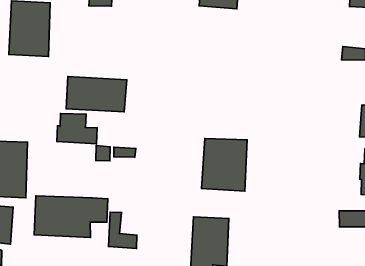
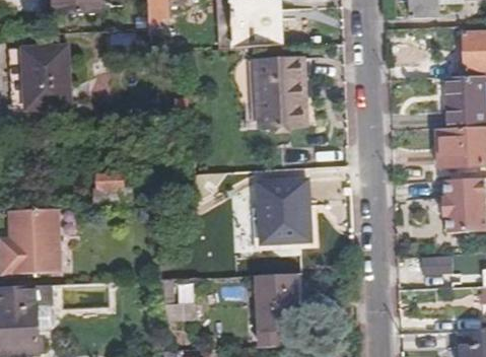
building: none -> [257,58,307,128]
building: [66,76,127,112] -> none
building: [34,196,108,238] -> none

